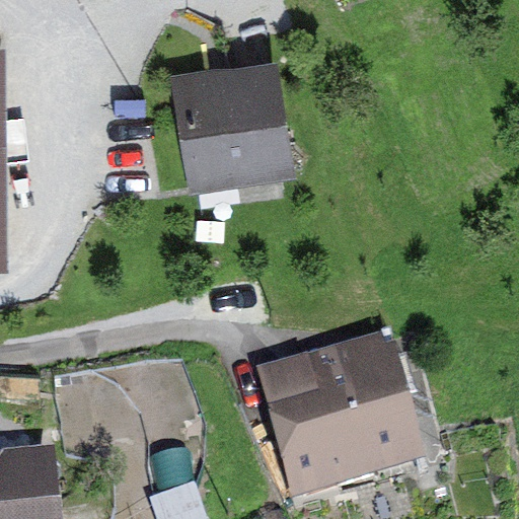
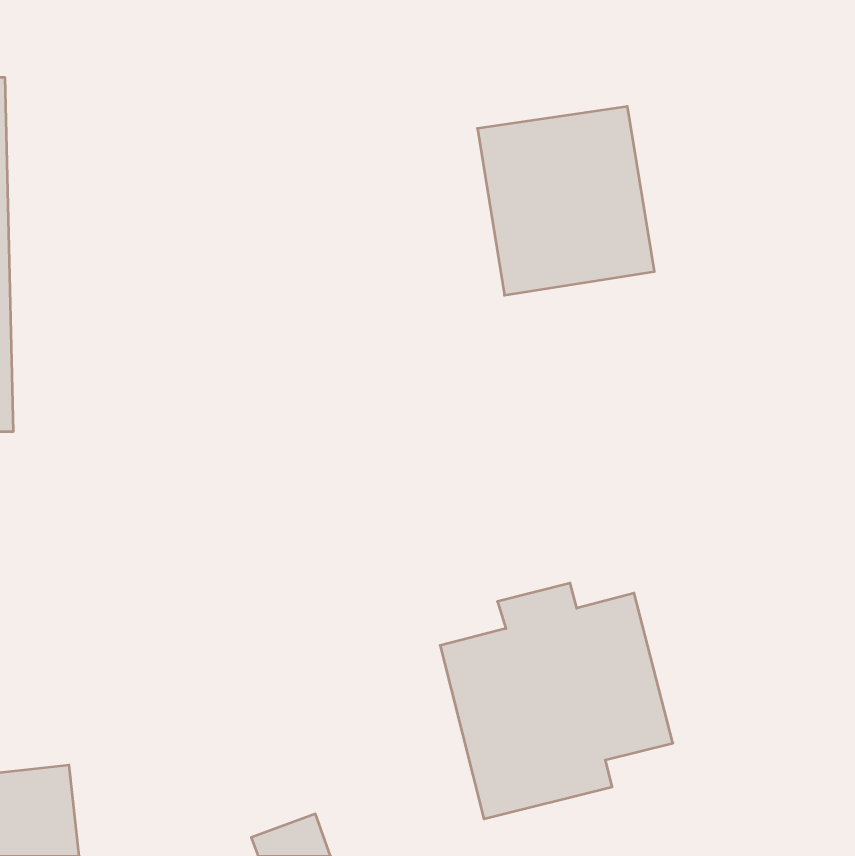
building: [176,65,283,178] -> [477,106,654,295]

